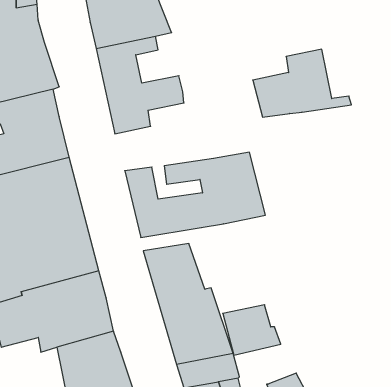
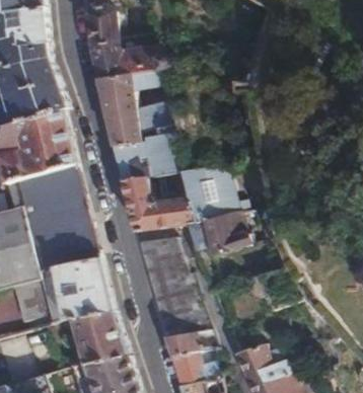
building: [253,49,351,117] -> [113,123,194,178]
building: [223,305,281,355] -> [202,215,249,256]

